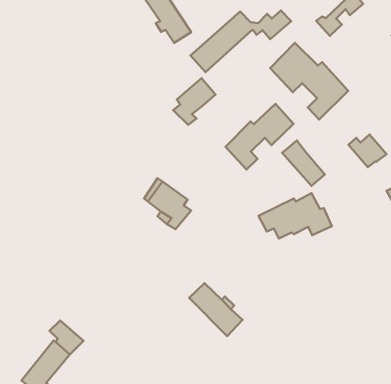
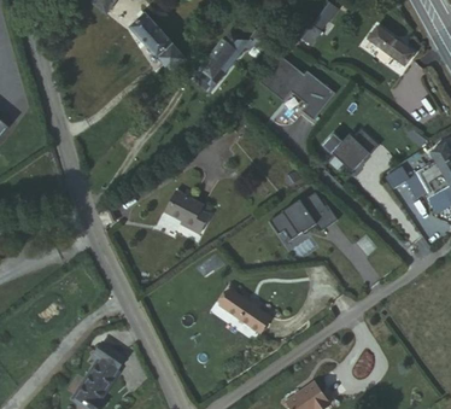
building: [173,78,215,125] -> none
building: [225,104,293,169] -> none
building: [282,140,325,186] -> [322,132,364,171]

